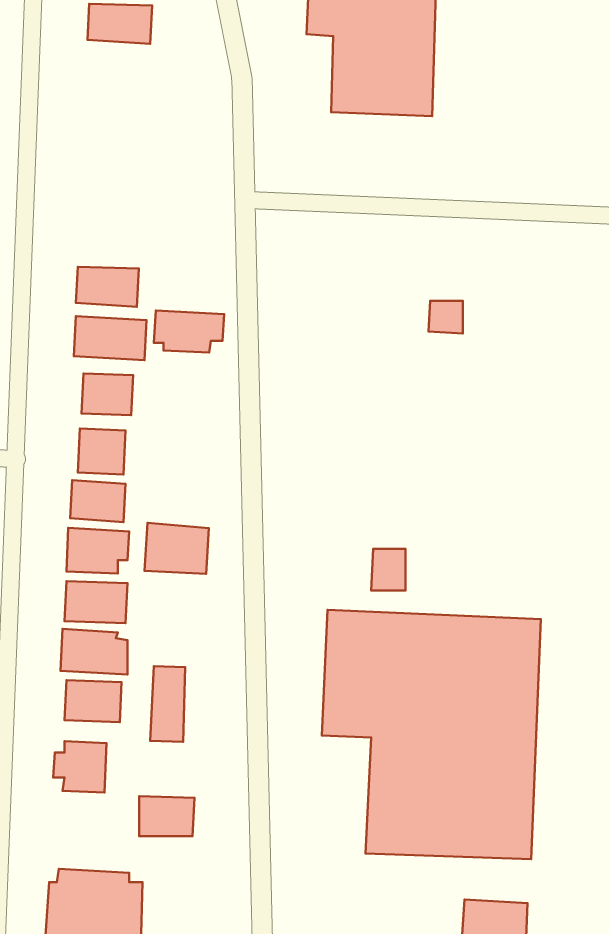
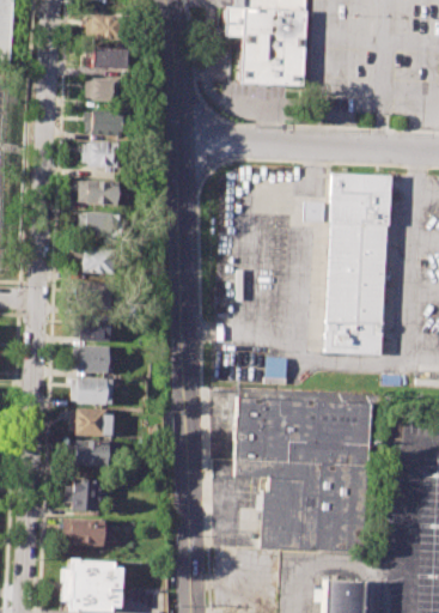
building: none -> [92,49,128,68]
building: none -> [84,78,123,102]
building: none -> [83,111,126,135]
building: none -> [324,174,390,356]
building: [154,310,224,352] -> [81,140,126,166]
building: [144,523,209,574] -> none
building: [150,666,185,742] -> none
building: [139,796,194,836] -> [69,518,104,544]

